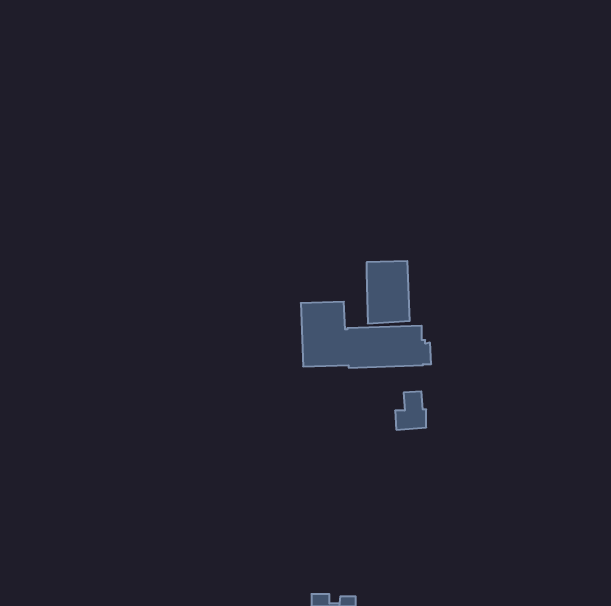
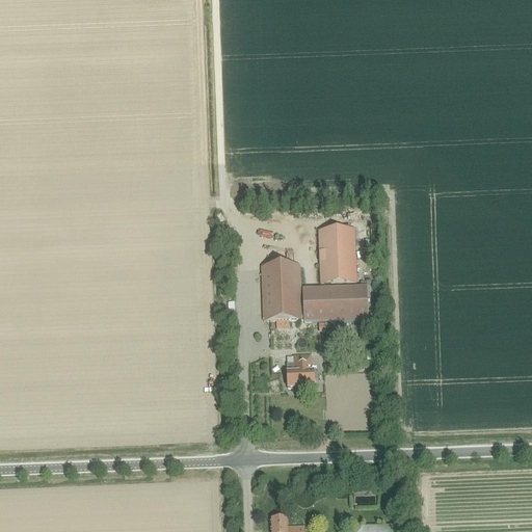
building: [395,391,426,430] -> [286,352,313,385]

